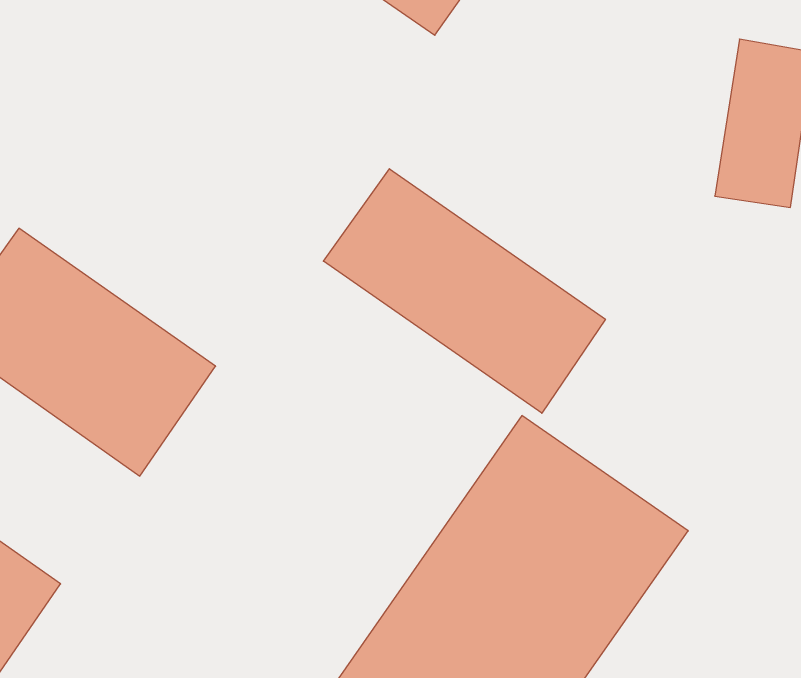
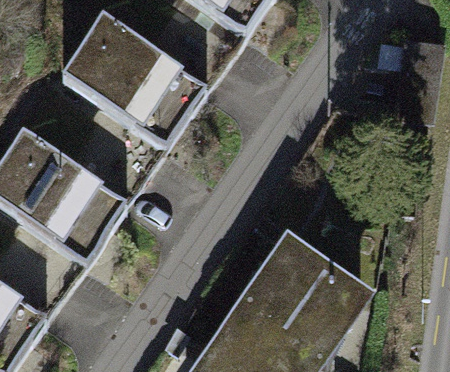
building: none -> [60,13,205,144]
building: [323,169,605,413] -> none

